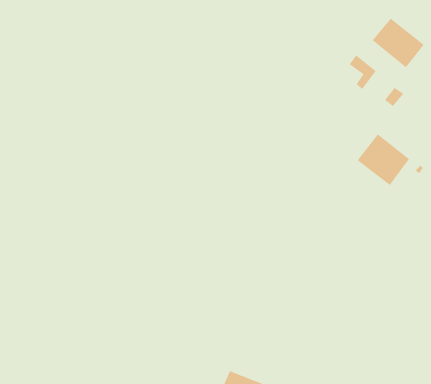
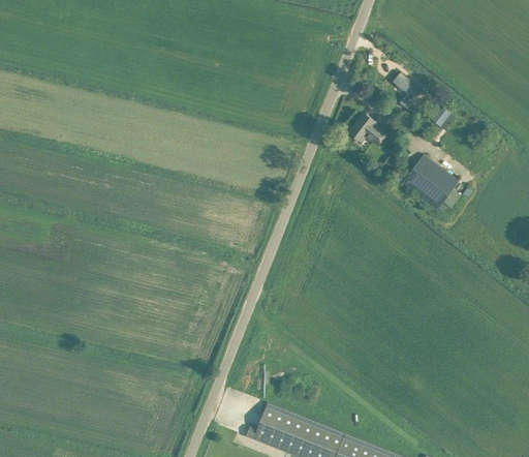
building: [372,18,425,68] -> none
building: none -> [349,114,386,146]

